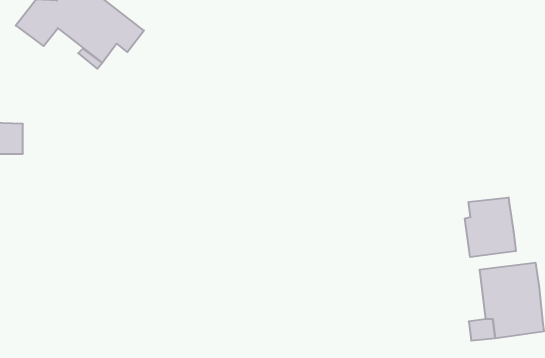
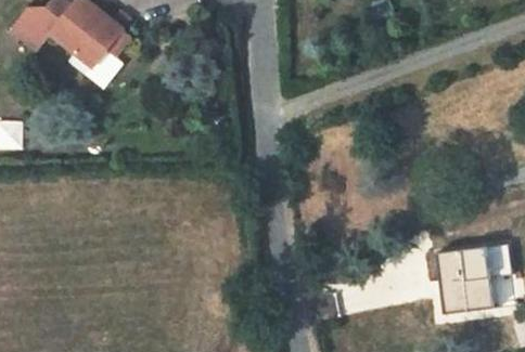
building: [465,197,516,257] -> none

